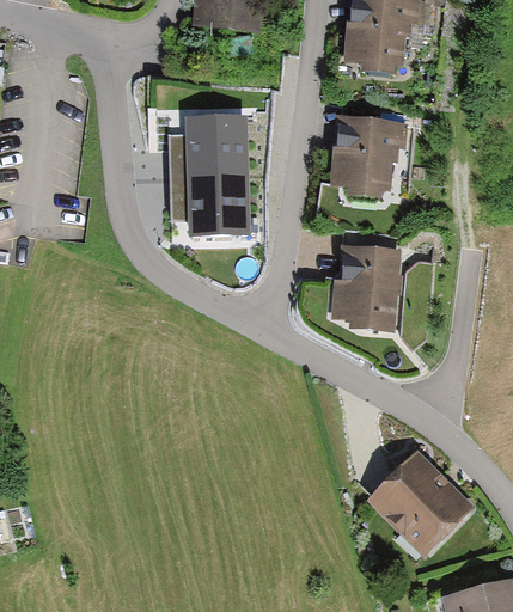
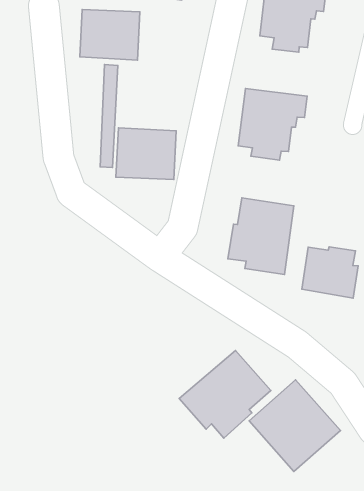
building: [191,117,259,175] -> [80,10,140,60]
building: none -> [302,247,358,298]
building: none -> [179,351,271,438]

